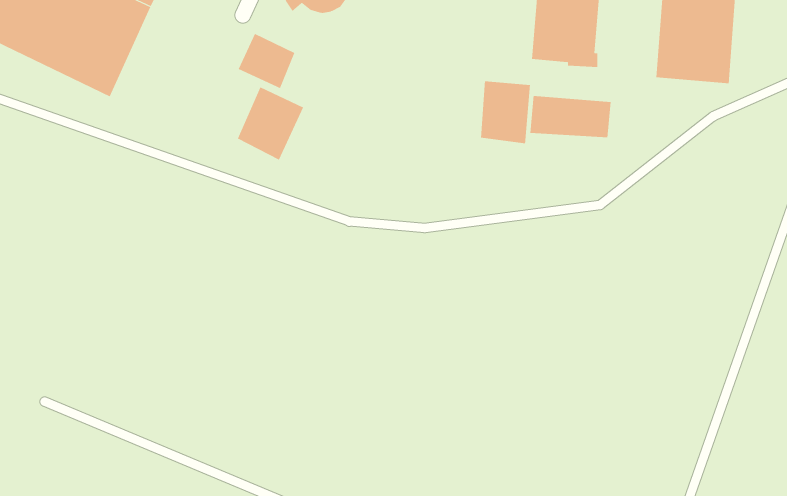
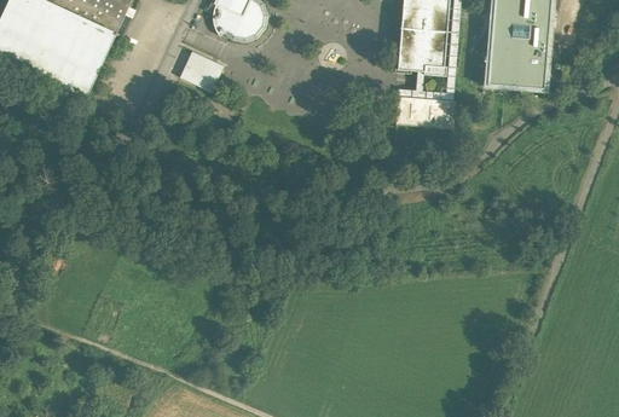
building: [480,81,530,144] -> none
building: [237,87,304,161] -> none

